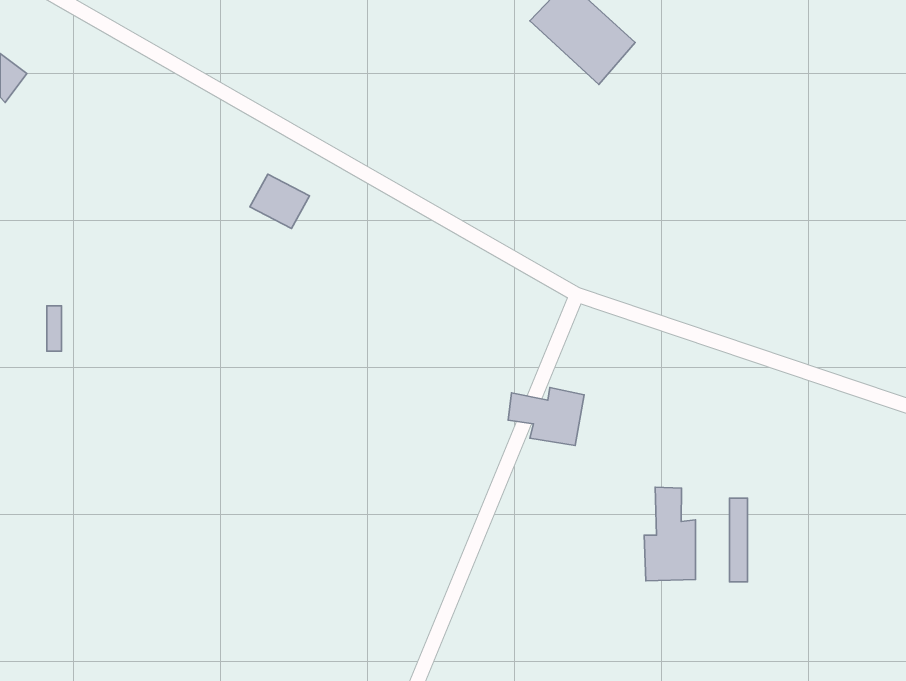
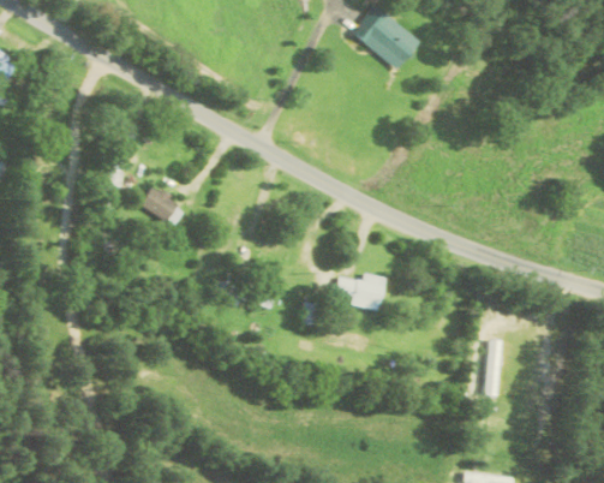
building: [250,174,310,228] -> [140,185,180,221]
building: [644,487,695,581] -> none

